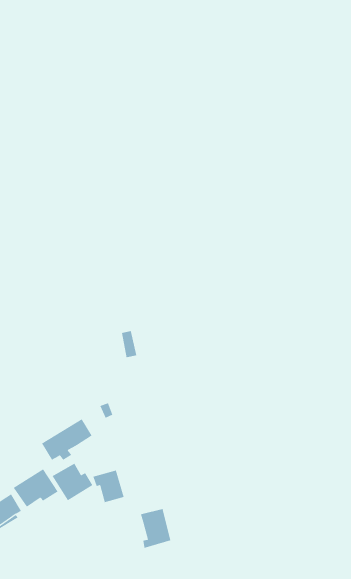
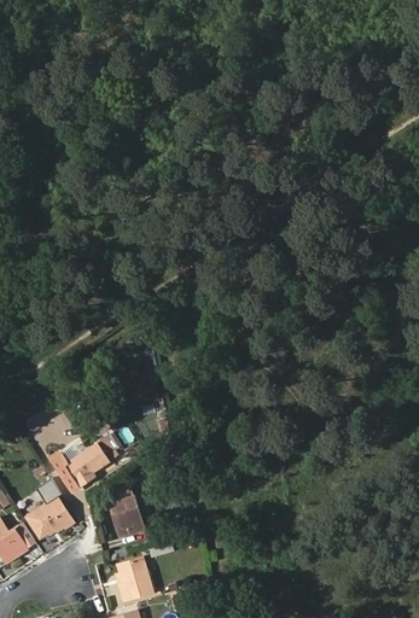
building: [52,463,93,501] -> none
building: [140,509,171,548] -> [117,560,150,602]

